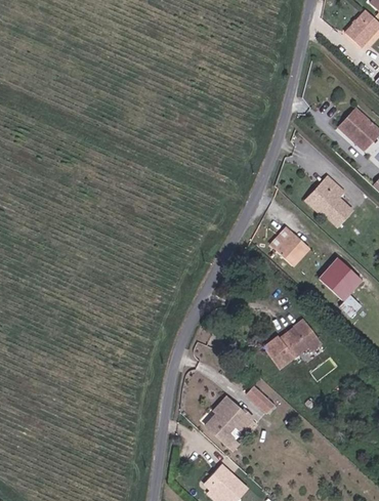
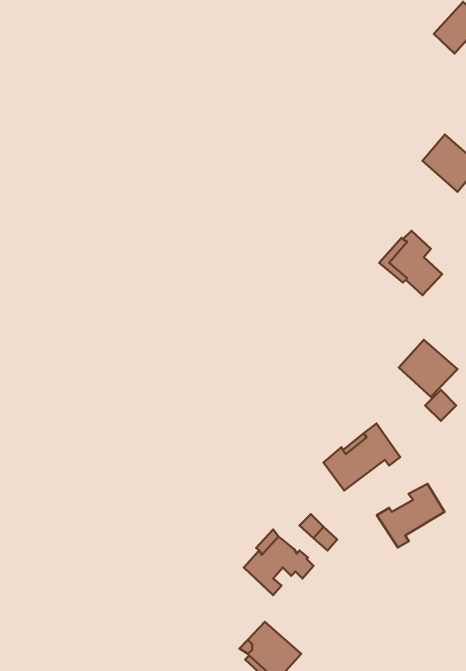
building: [270,226,310,265] -> none
building: none -> [377,484,445,548]

